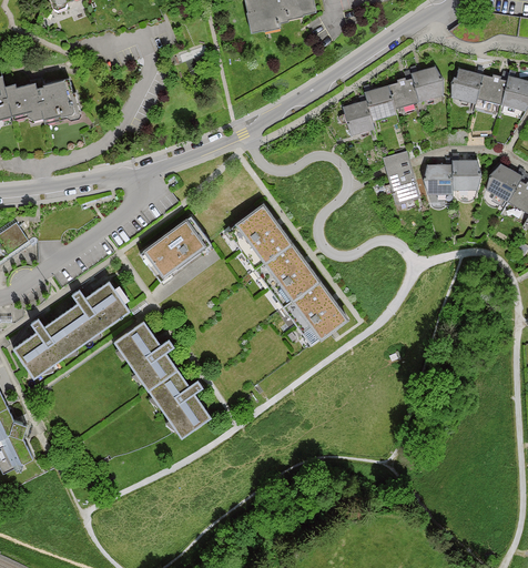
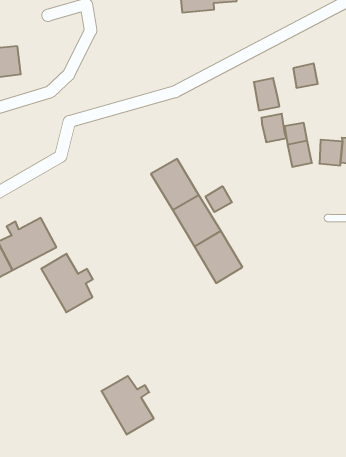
building: [408,65,441,100] -> none
building: [363,84,394,119] -> [261,114,286,142]
building: [138,213,209,280] -> none
building: none -> [206,186,232,212]
building: [148,369,211,437] -> [101,376,154,434]

